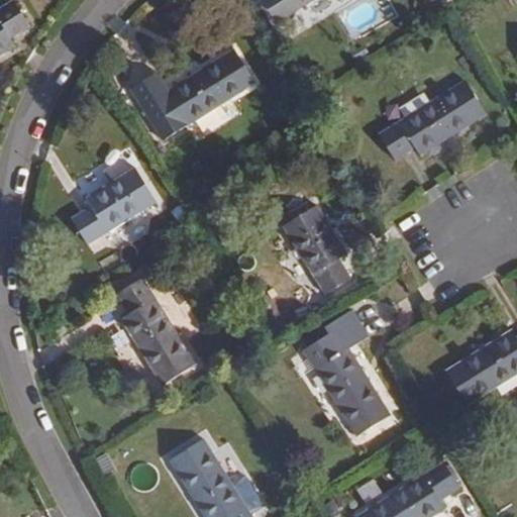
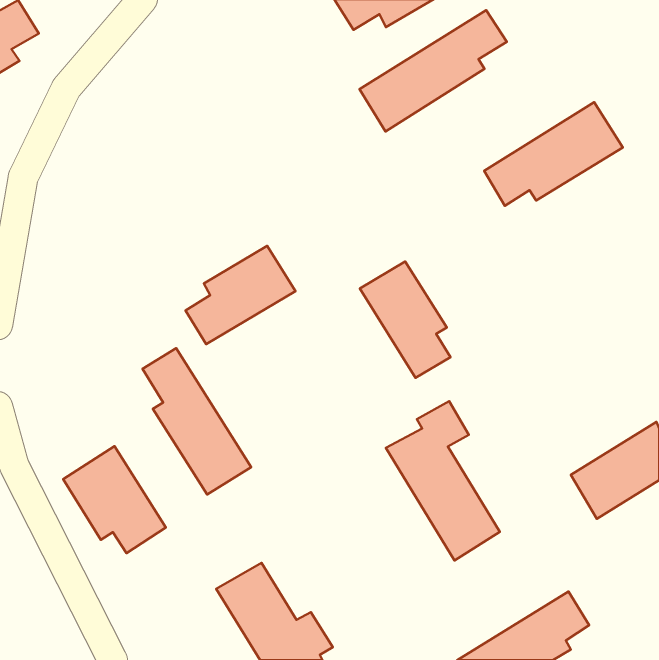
building: none -> [359,10,507,131]
building: [134,48,254,138] -> none
building: [71,168,157,244] -> [186,246,296,344]
building: none -> [63,446,166,553]

